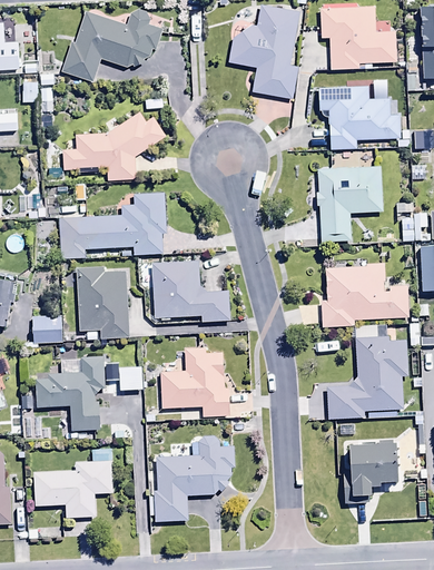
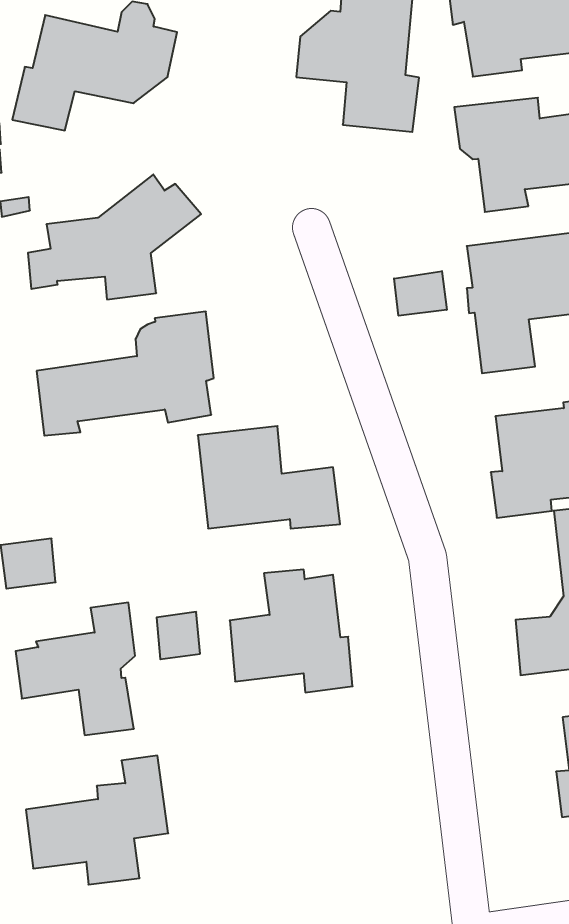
building: none -> [394,271,447,316]
building: [77,266,129,338] -> none
building: [154,435,235,521] -> none

